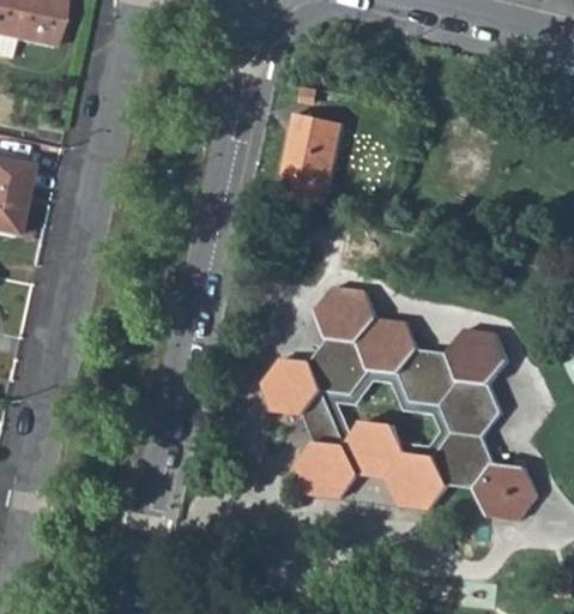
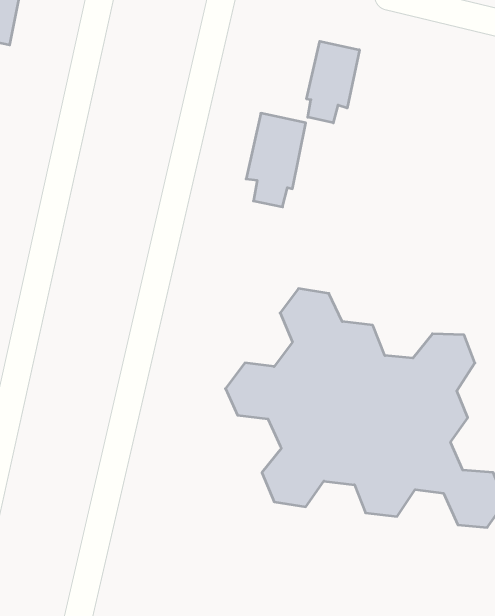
building: none -> [307,41,359,123]

